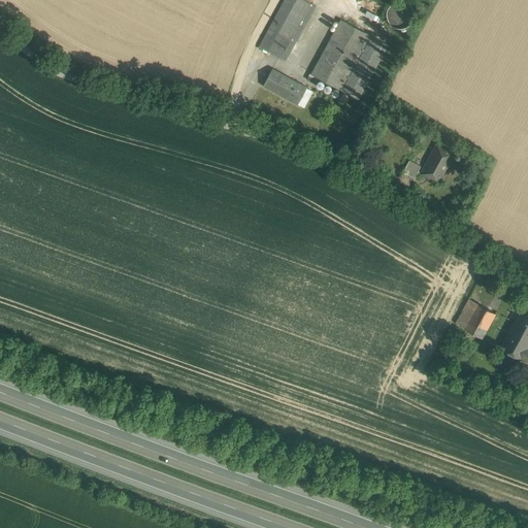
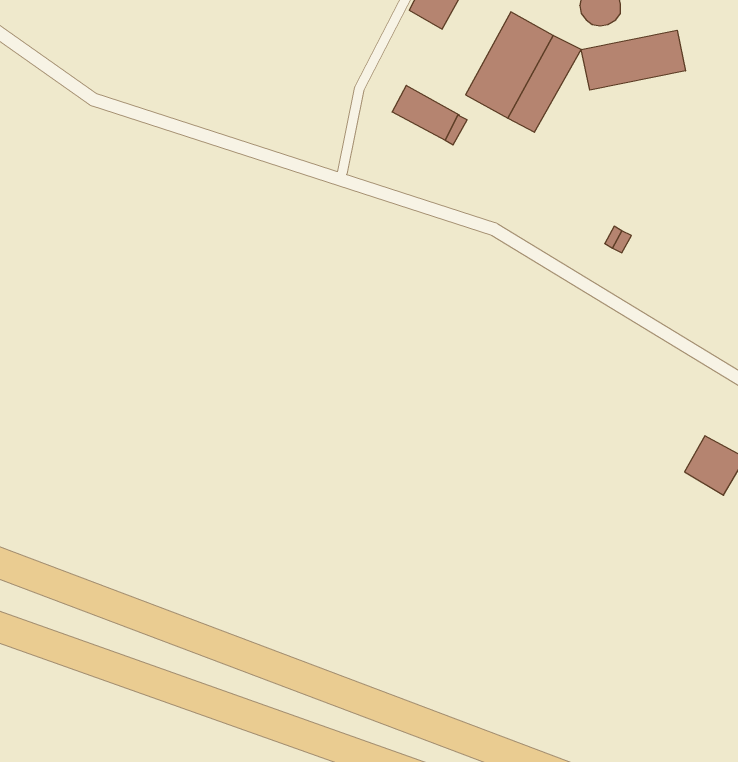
building: [259,19,296,58] -> none
building: none -> [581,30,685,90]
building: [421,144,455,183] -> none

